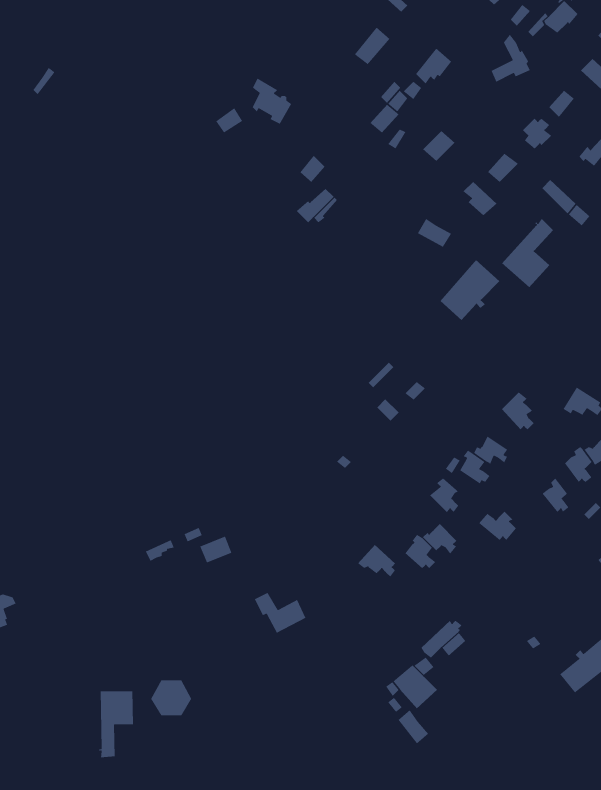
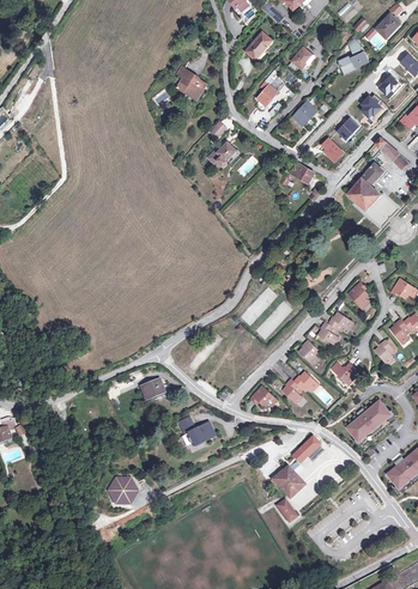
building: [439,259,500,321] -> none
building: none -> [346,401,390,442]
building: [99,690,134,758] -> none

